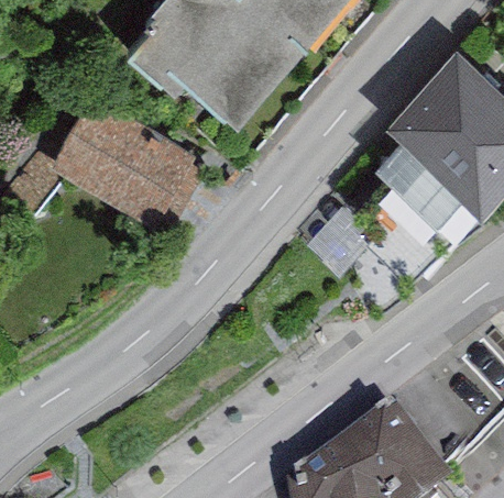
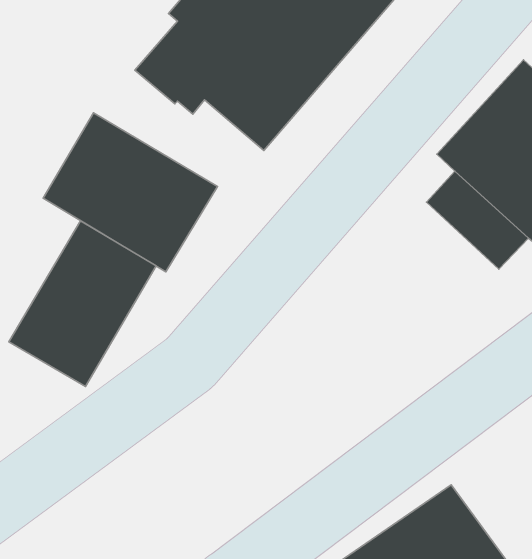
building: none -> [9,221,156,386]

